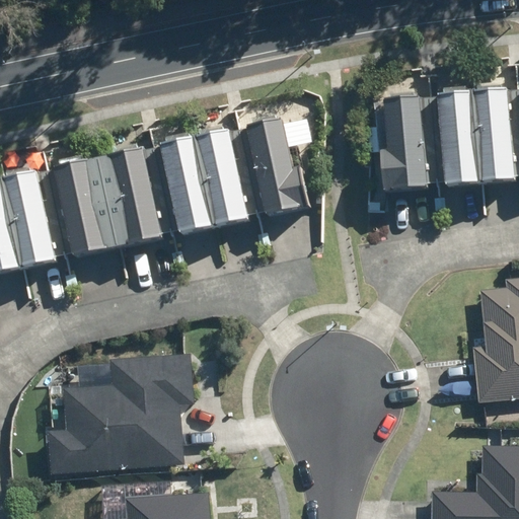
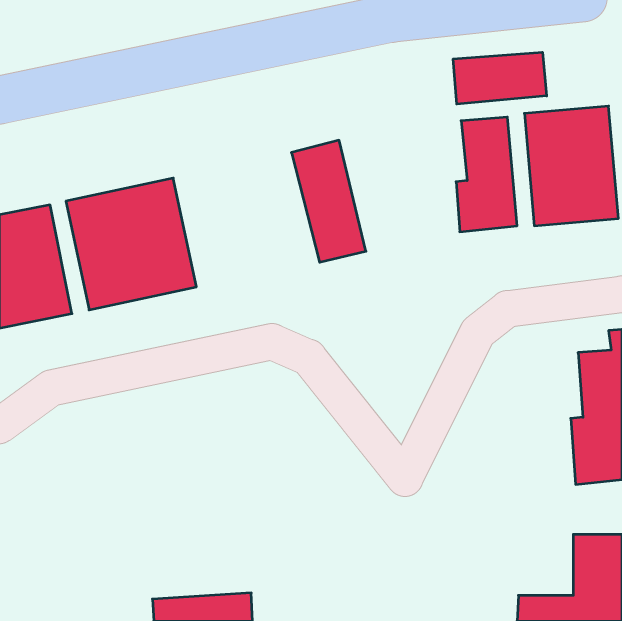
building: none -> [453,52,547,104]
building: [157,127,249,234] -> none
building: [47,352,198,473] -> none

